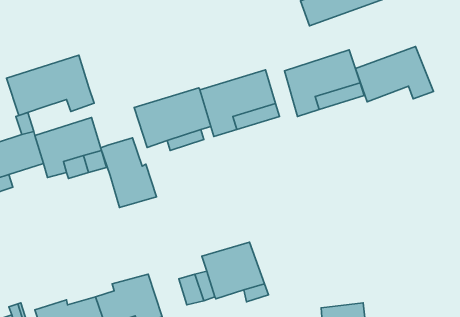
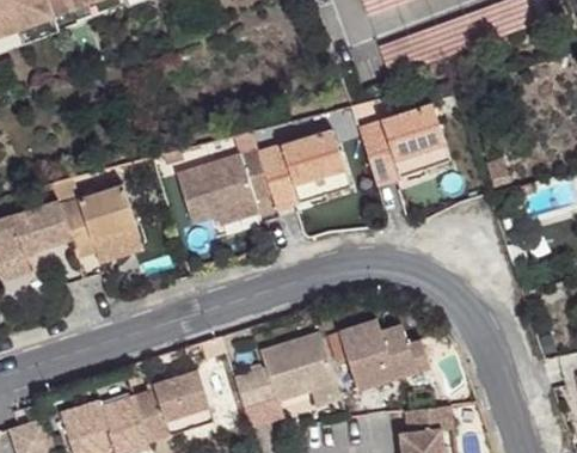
building: [355,47,434,102] -> none
building: [6,55,94,116] -> none
building: [100,138,156,208] -> none
building: none -> [336,320,431,392]

